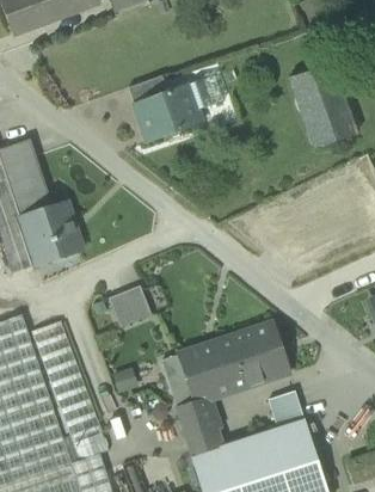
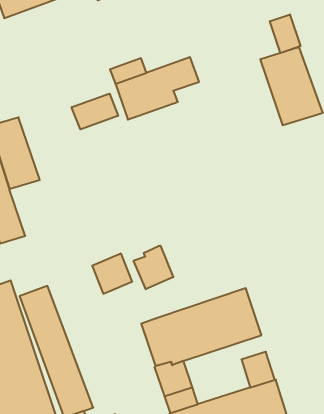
building: none -> [270,14,301,53]
building: none -> [72,94,118,129]
building: [20,202,82,266] -> none
building: none -> [134,246,173,289]

